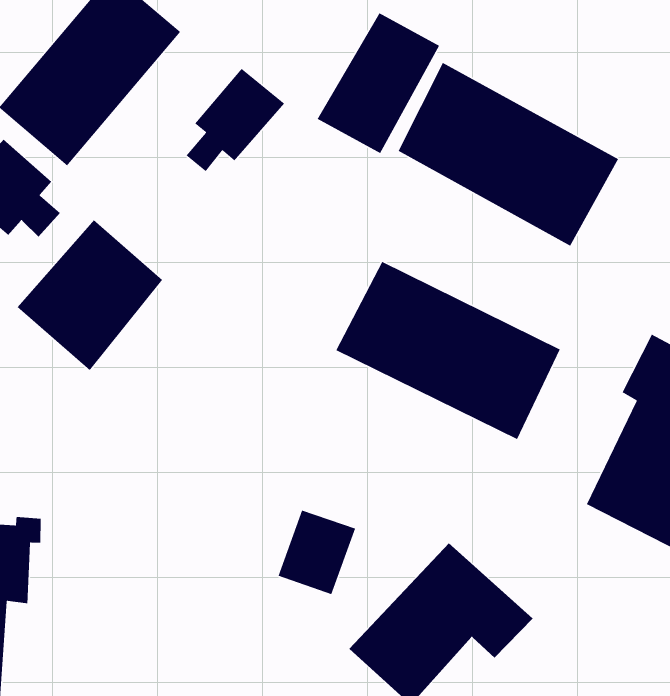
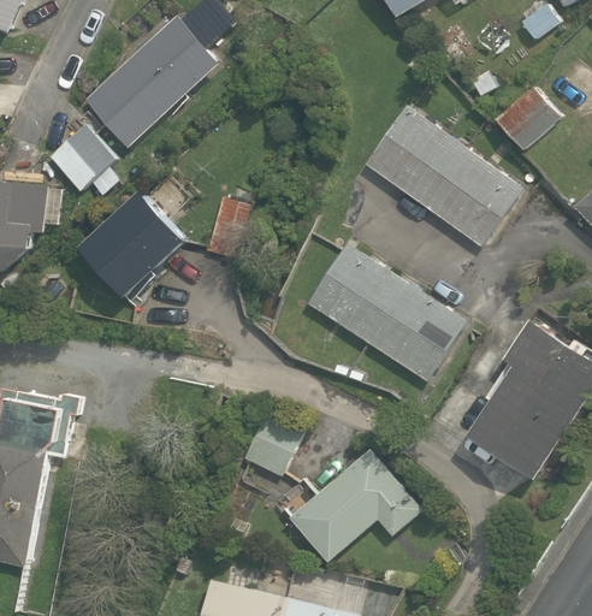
building: [316,12,440,154] -> none
building: none -> [493,85,560,152]
building: [185,68,285,172] -> none

